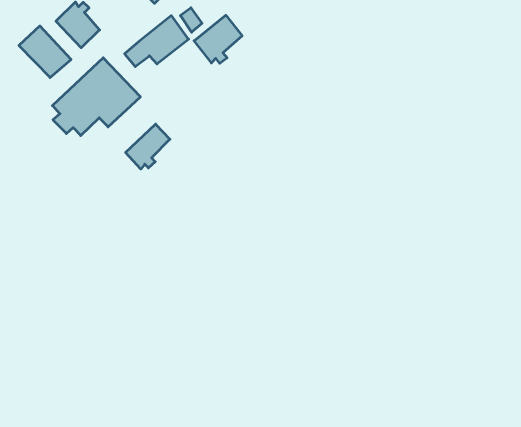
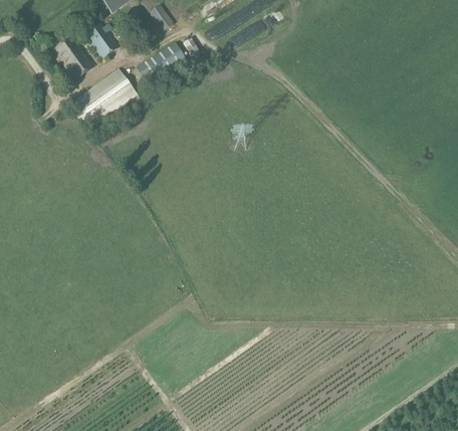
building: [194,15,242,63] -> none
building: [126,124,170,169] -> none

